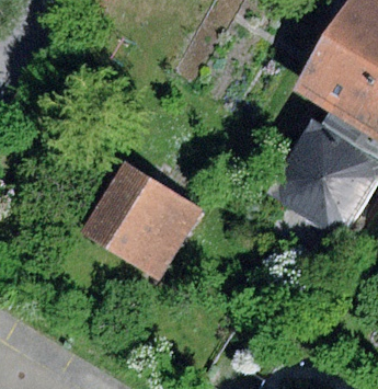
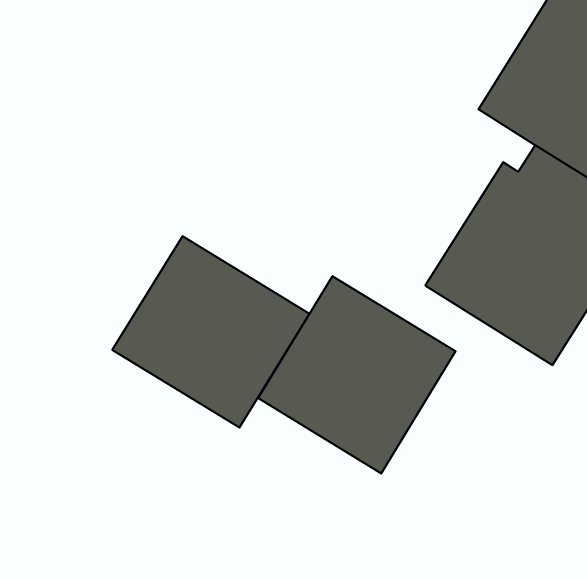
building: none -> [258,276,456,474]

